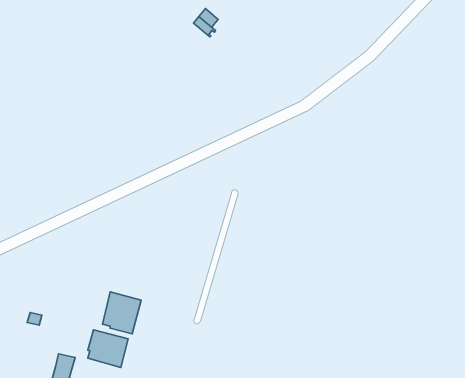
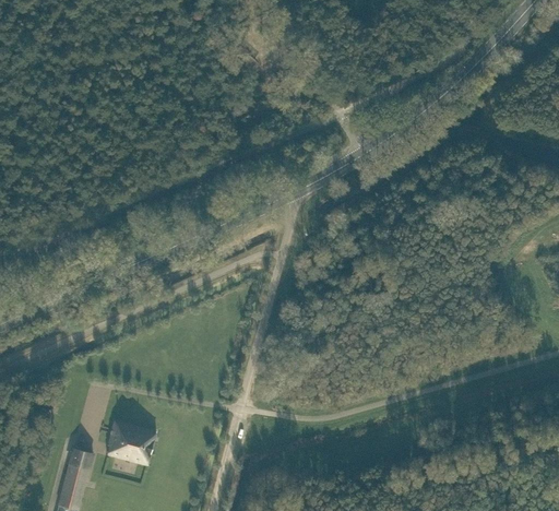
building: [102,292,141,334] -> none

